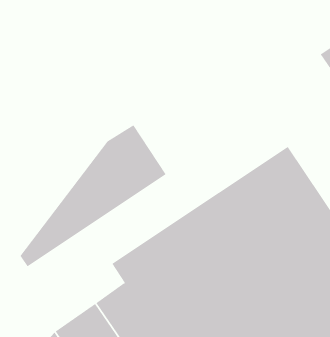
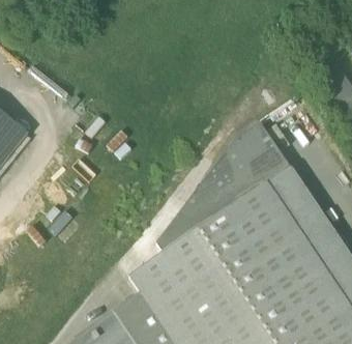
building: [19,125,167,267] -> [155,121,290,252]

